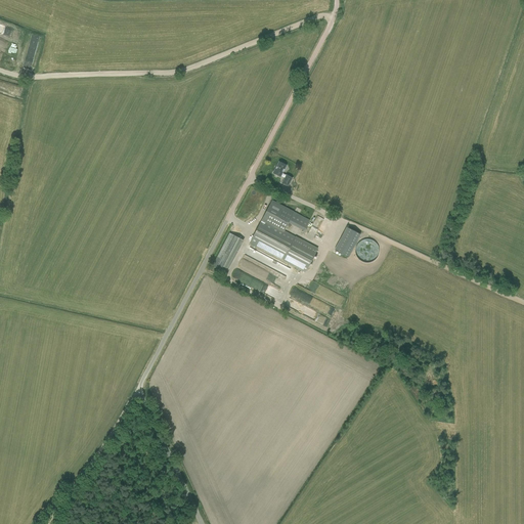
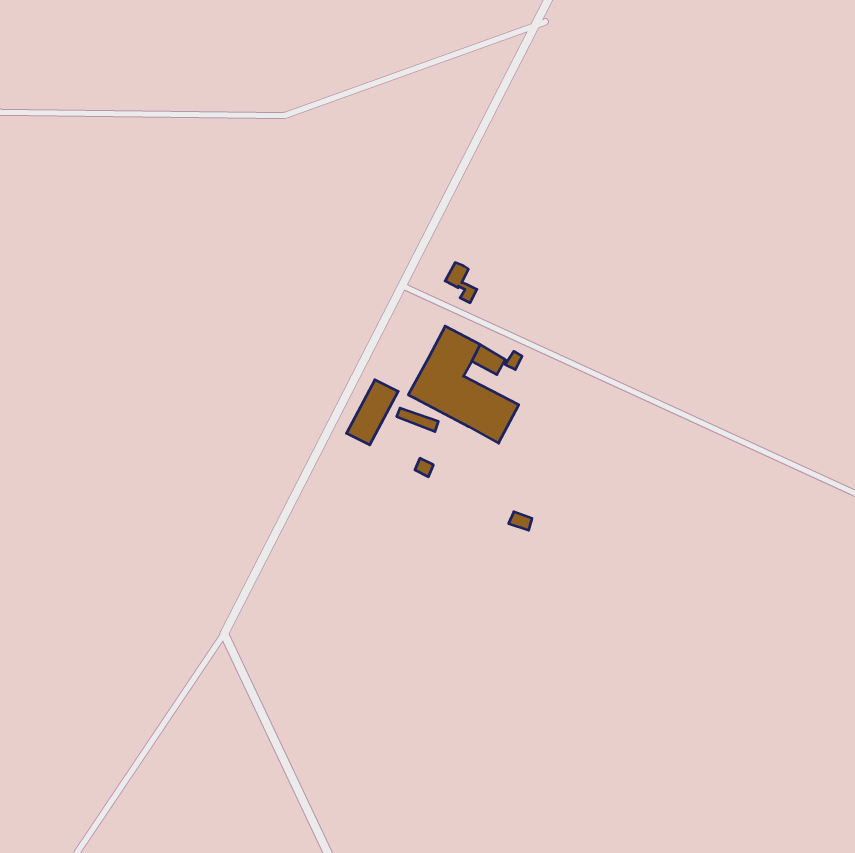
building: [335,226,360,256] -> none

